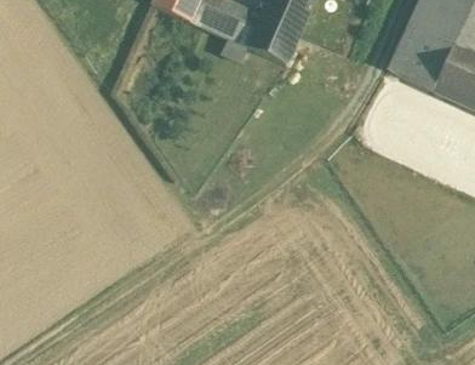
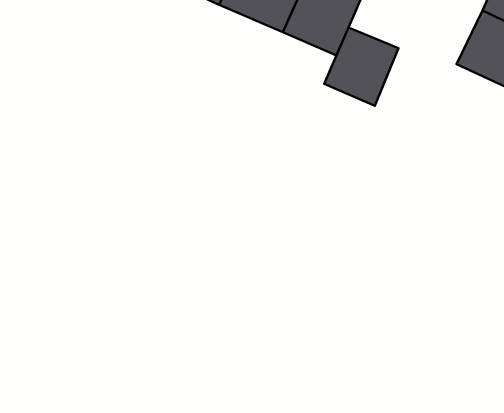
building: none -> [324,27,398,106]

